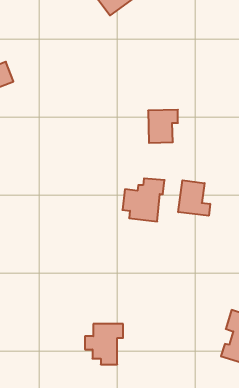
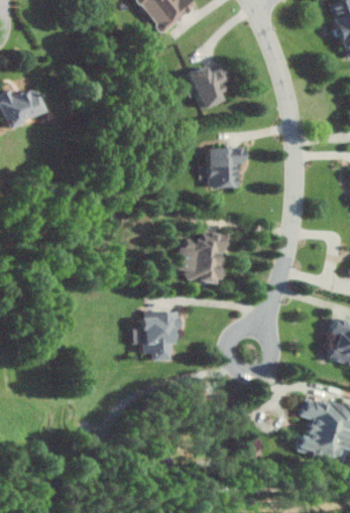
building: none -> [189,66,231,109]
building: [178,180,210,216] -> none
building: [85,324,123,364] -> [133,312,180,362]

